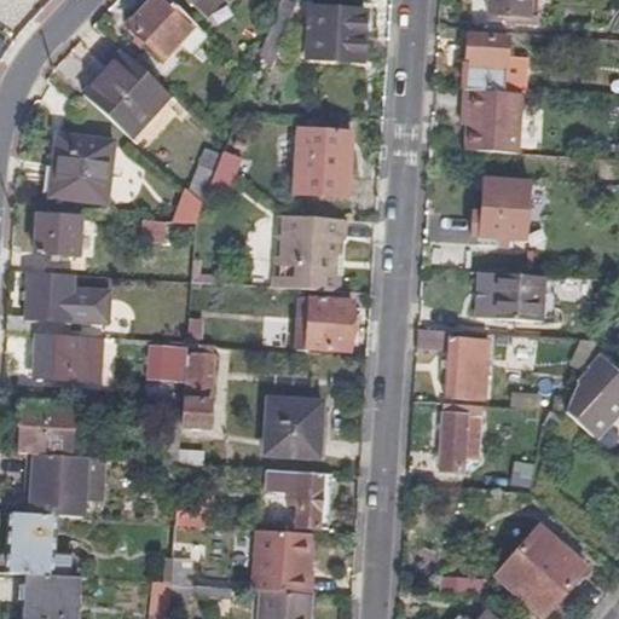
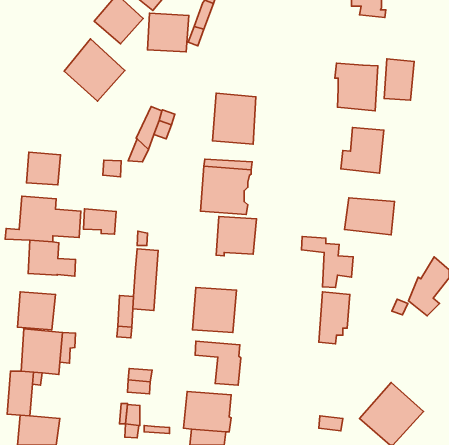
building: [308,10,365,63] -> [148,13,189,52]
building: [463,33,504,89] -> [384,59,414,100]
building: [58,132,115,199] -> none
building: [144,339,189,374] -> [84,209,116,234]

